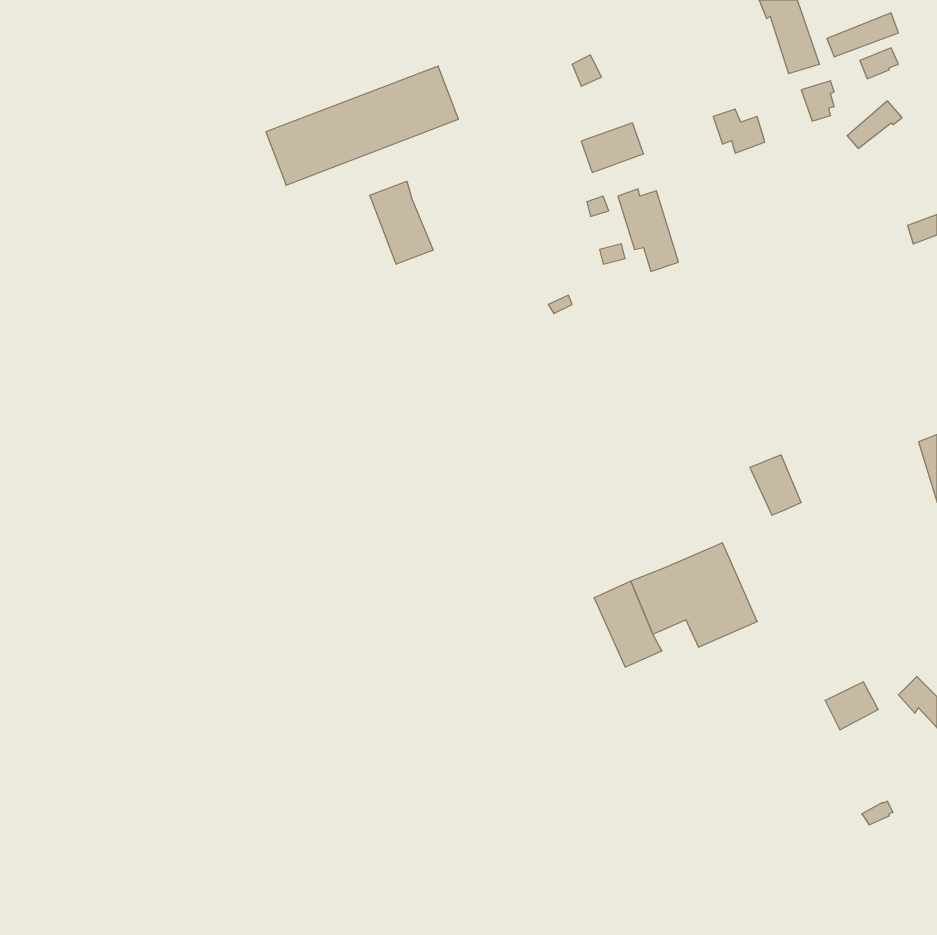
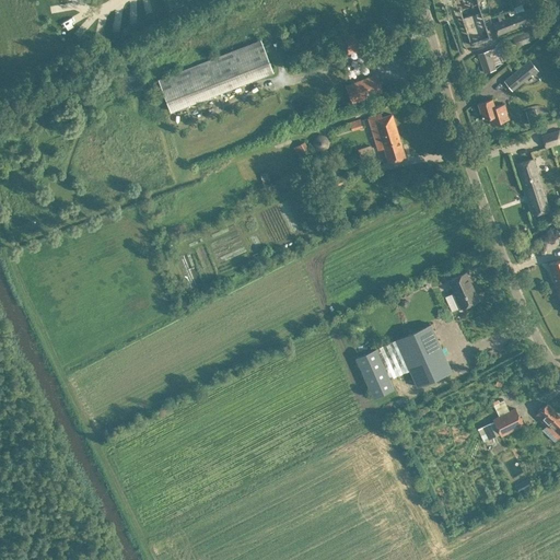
building: [713,109,765,153] -> [478,100,509,126]
building: [370,181,433,264] -> none
building: none -> [516,158,549,214]

